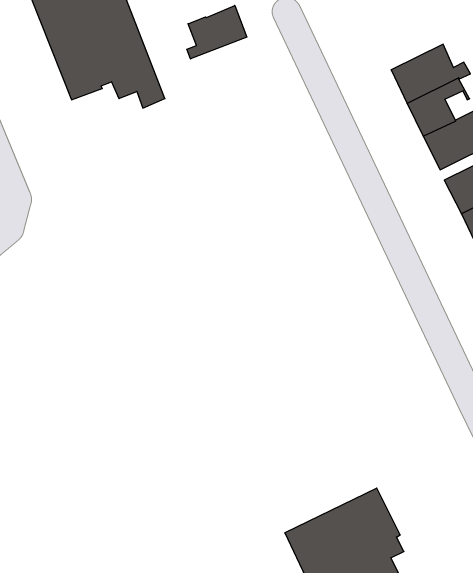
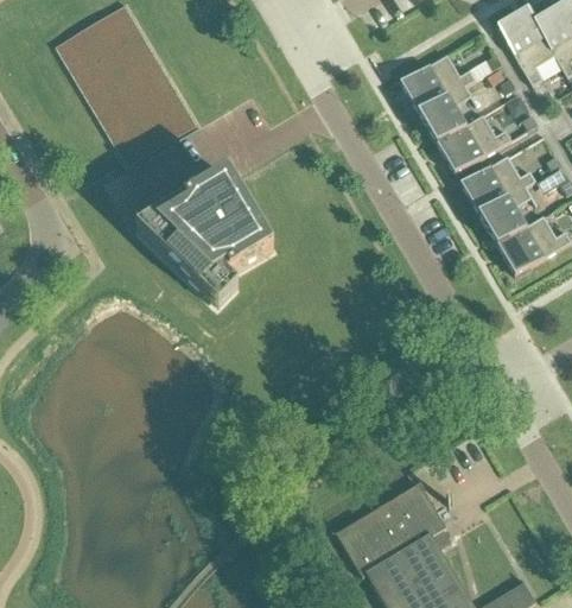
building: [187,5,247,59] -> none
building: none -> [134,173,274,292]

